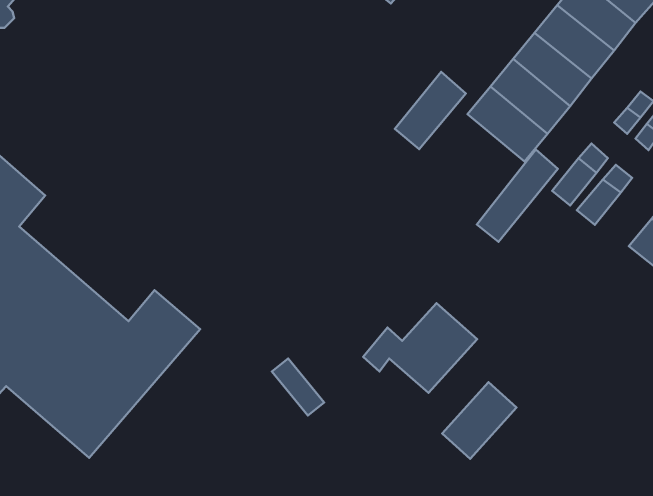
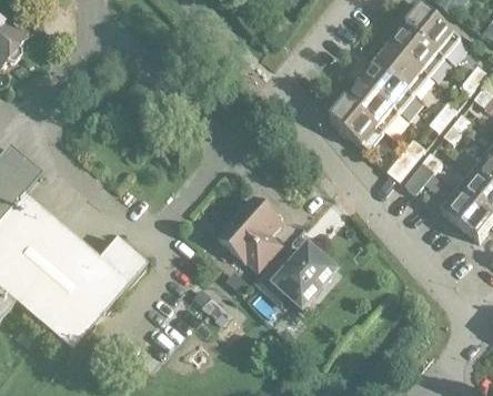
building: [395,72,466,149] -> none
building: [477,150,558,242] -> none
building: none -> [219,196,281,268]
building: [442,382,517,459] -> none

